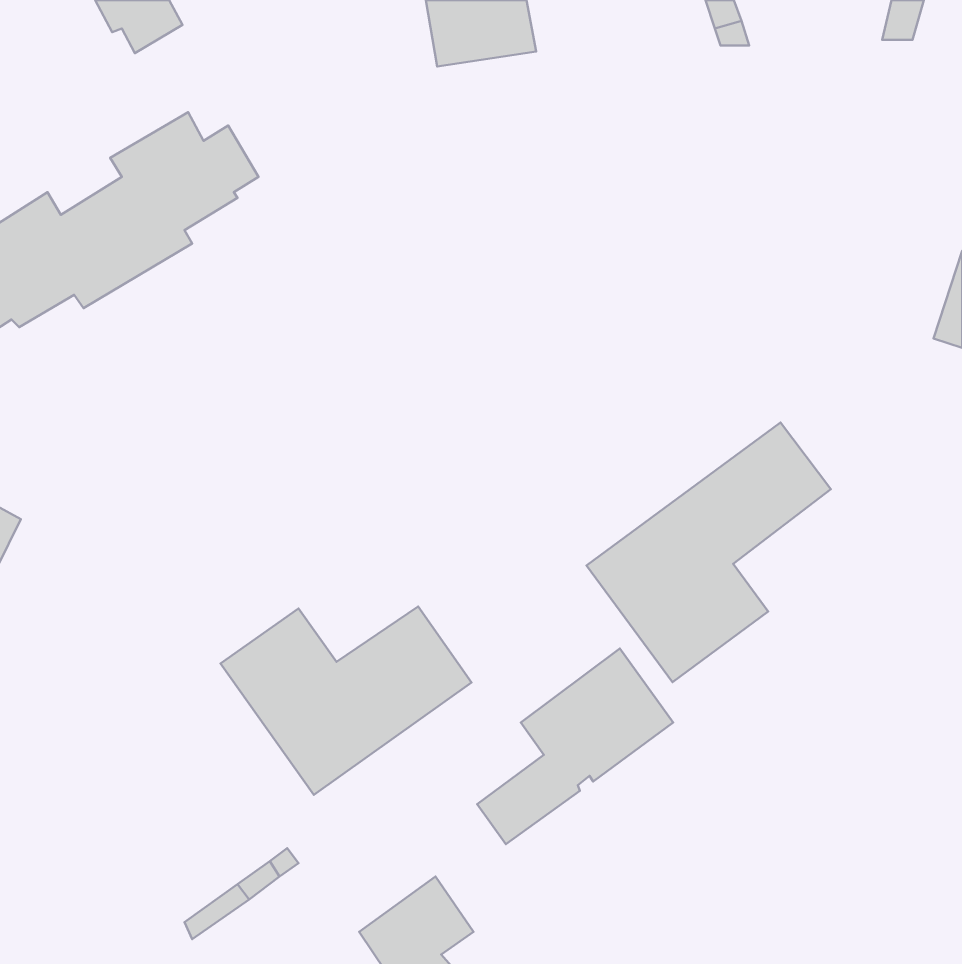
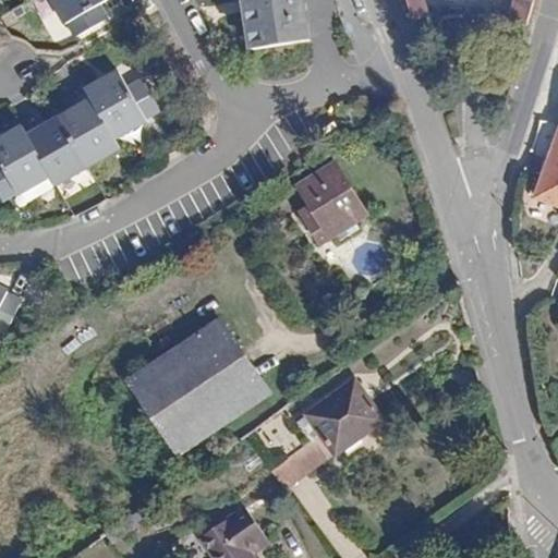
building: none -> [295,165,365,243]
building: [587,423,831,682] -> none
building: none -> [171,320,240,384]

